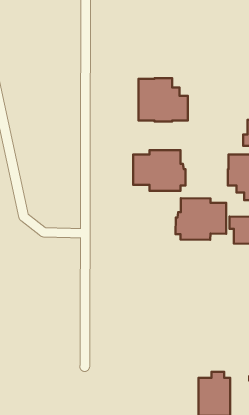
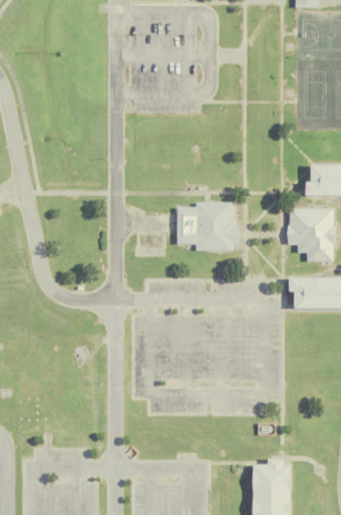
building: [139,78,188,121] -> none
building: [176,198,226,240] -> none

